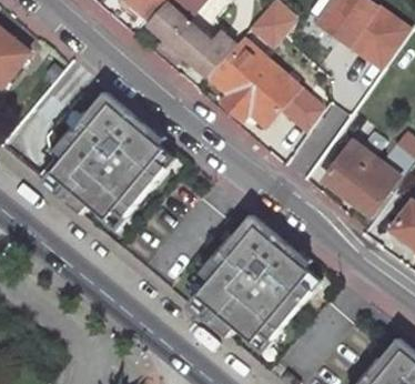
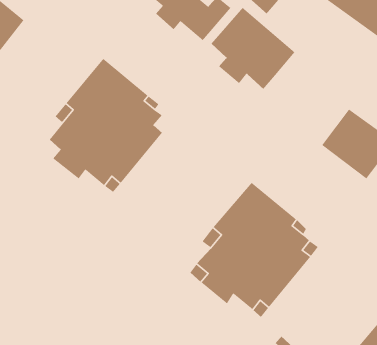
building: [280,85,324,132] -> none

